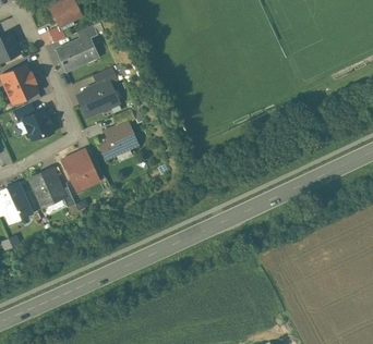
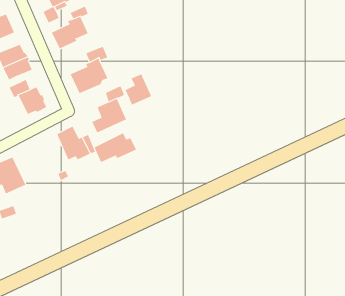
building: none -> [125,73,152,106]
building: none -> [94,133,137,163]
building: [28,169,64,207] -> none

